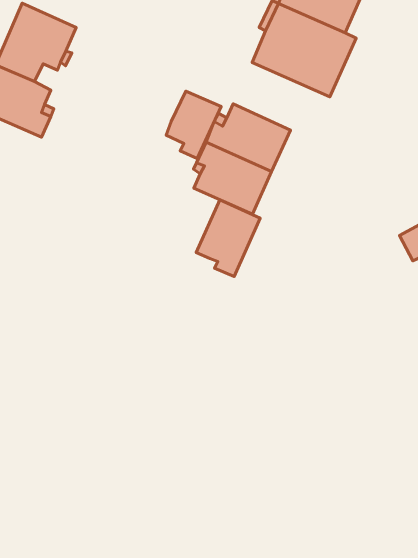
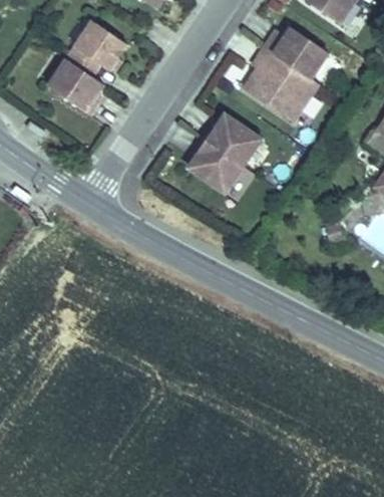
building: [166,91,221,158] -> none
building: [196,200,260,277] -> none

